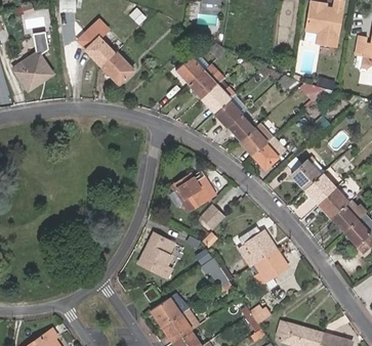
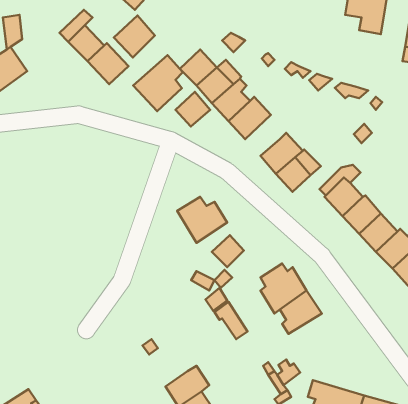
building: none -> [114,16,155,57]
building: none -> [133,55,183,111]
building: [226,114,254,141] -> [176,92,210,127]
building: [138,232,174,277] -> none
building: [151,293,190,326] -> none

